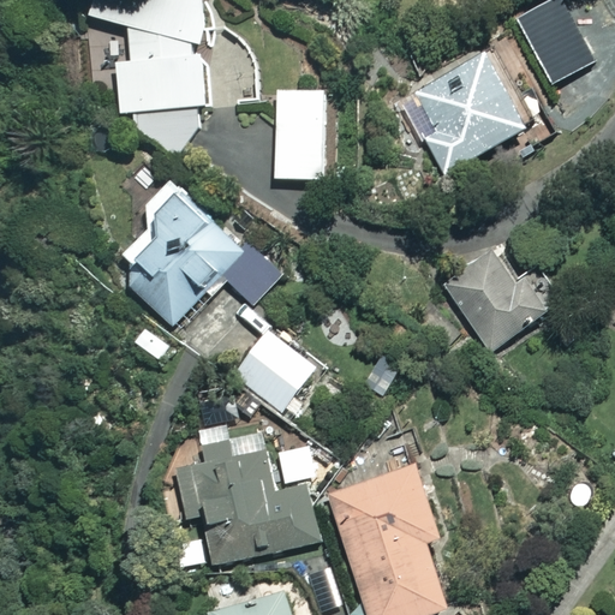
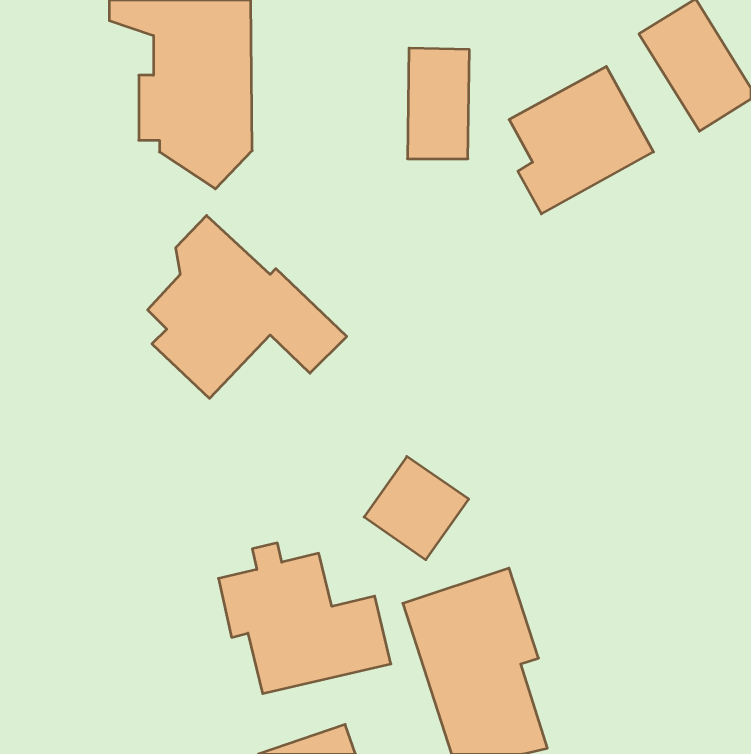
building: [274,89,324,179] -> [407,48,469,159]
building: [443,247,562,352] -> none
building: [231,330,316,414] -> [364,456,469,560]

